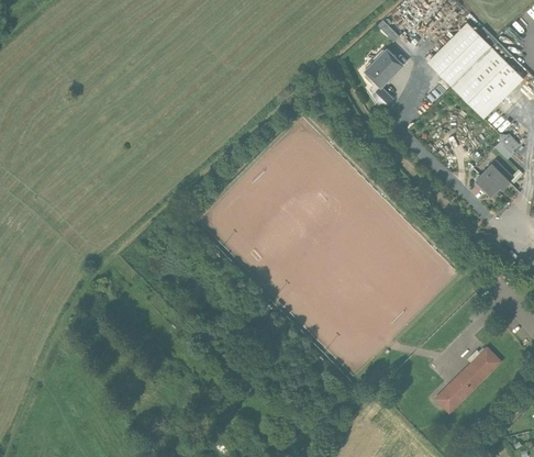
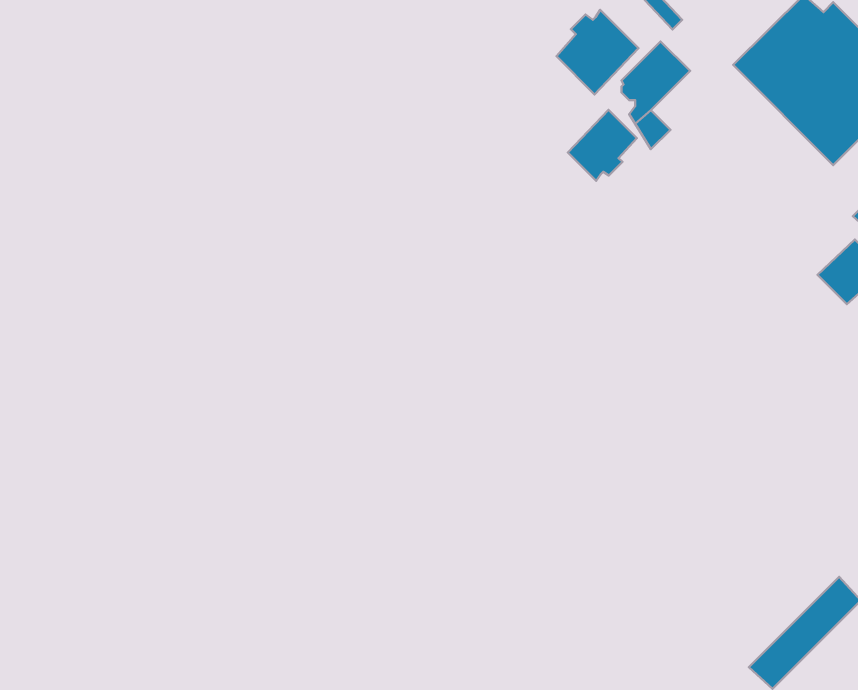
building: none -> [556,10,638,95]
building: none -> [568,110,637,181]

